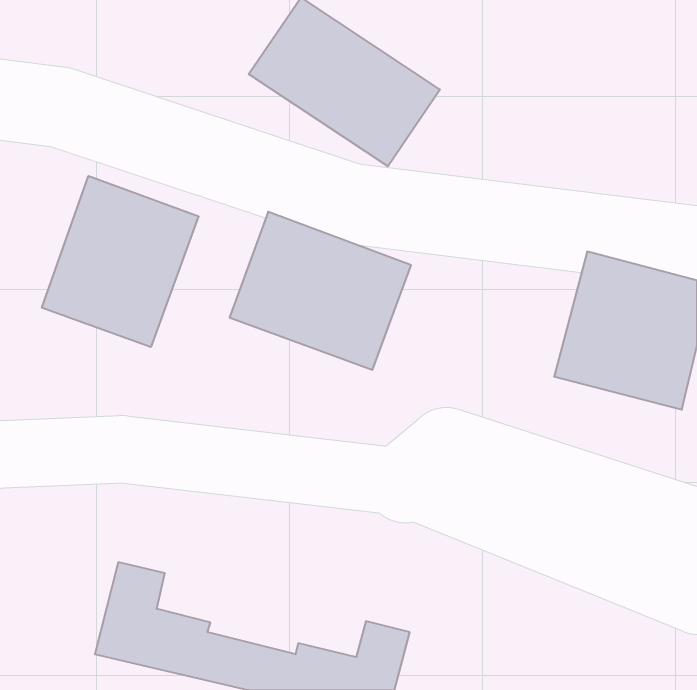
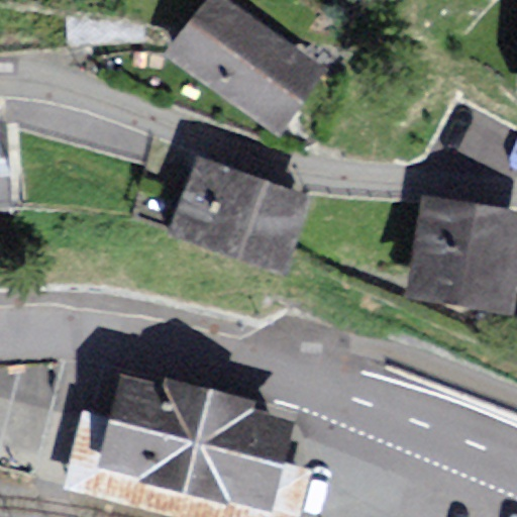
building: [42,176,199,347] -> none
building: none -> [115,387,277,483]

